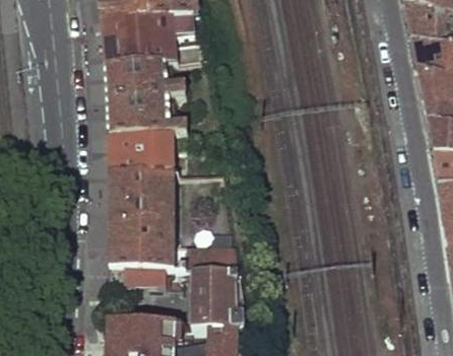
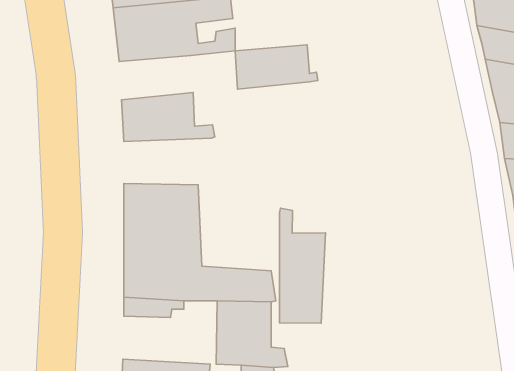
building: [107,62,177,99] -> [235,45,318,89]
building: [111,132,185,171] -> none
building: none -> [279,208,325,323]

